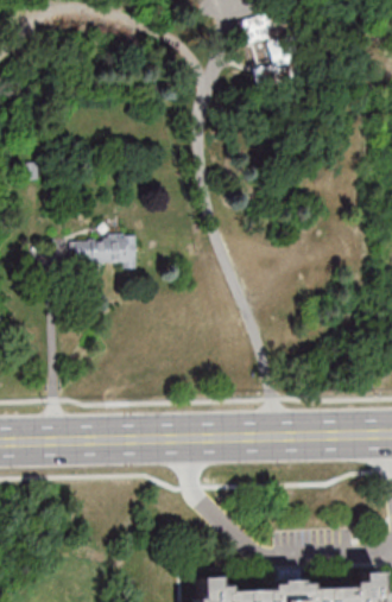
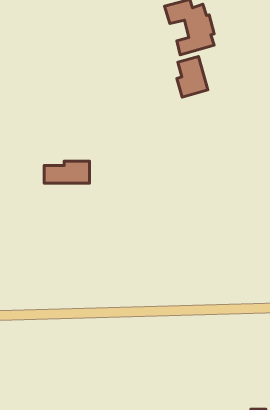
building: none -> [177,56,208,97]

